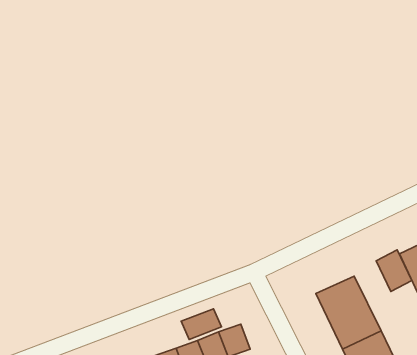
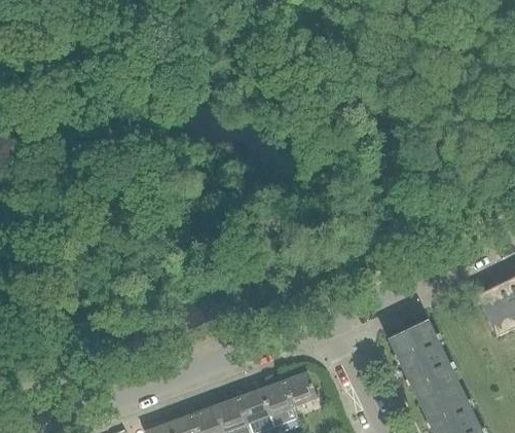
building: [376,250,412,292] -> none
building: [181,309,222,339] -> none

